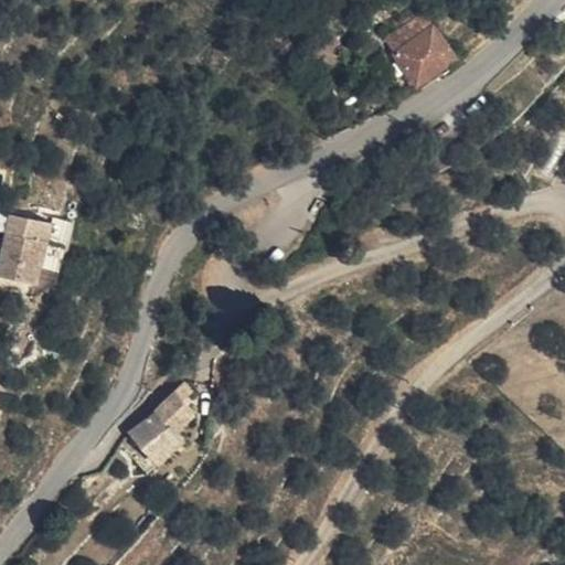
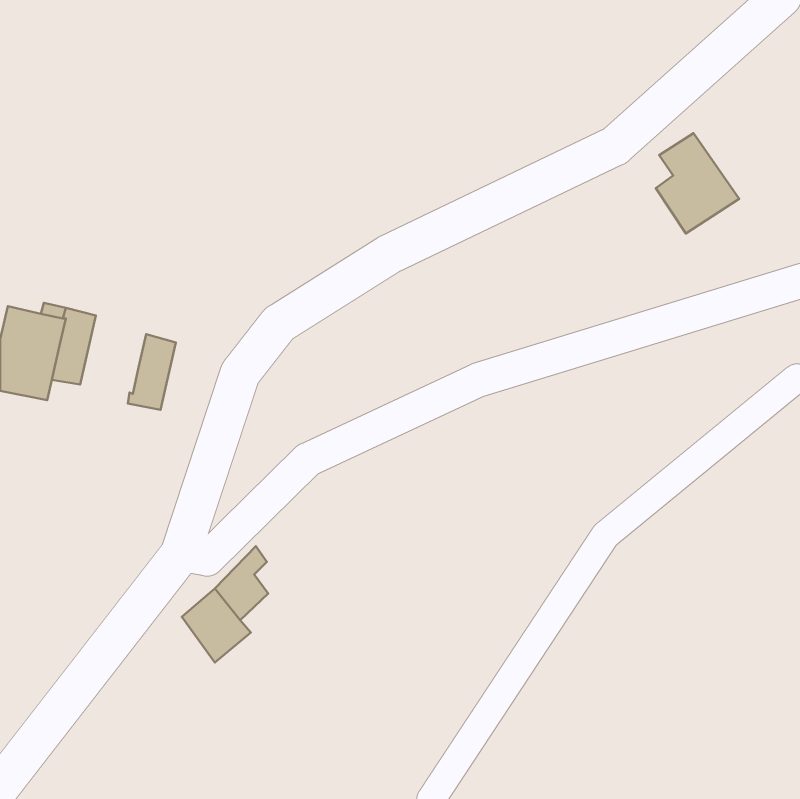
building: [393,17,451,87] -> [656,133,739,234]
building: none -> [128,334,176,410]

